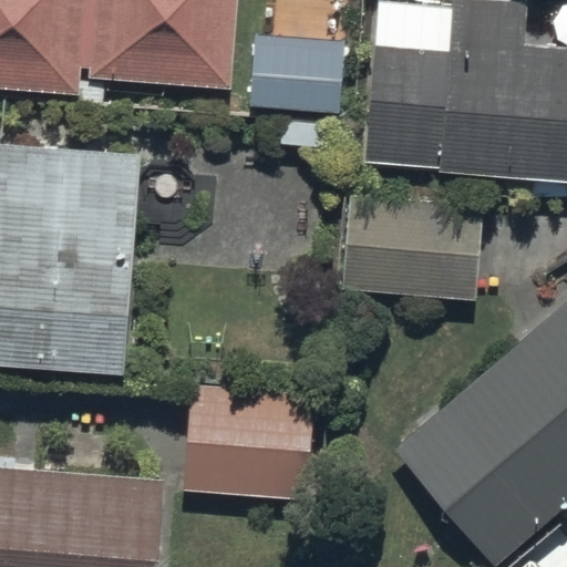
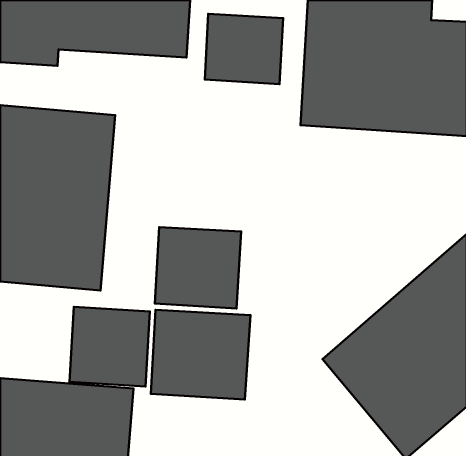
building: [344,196,478,300] -> none
building: none -> [155,227,241,308]
building: none -> [70,307,150,386]

